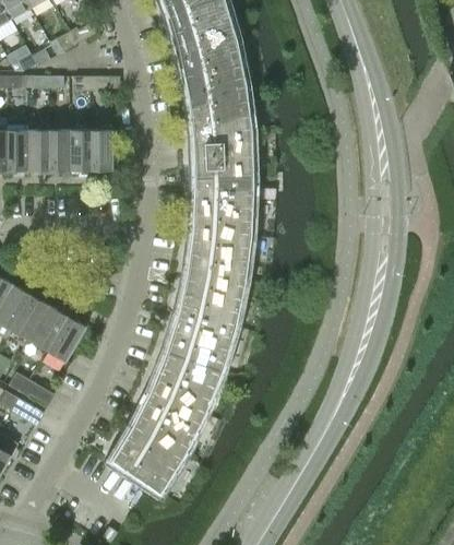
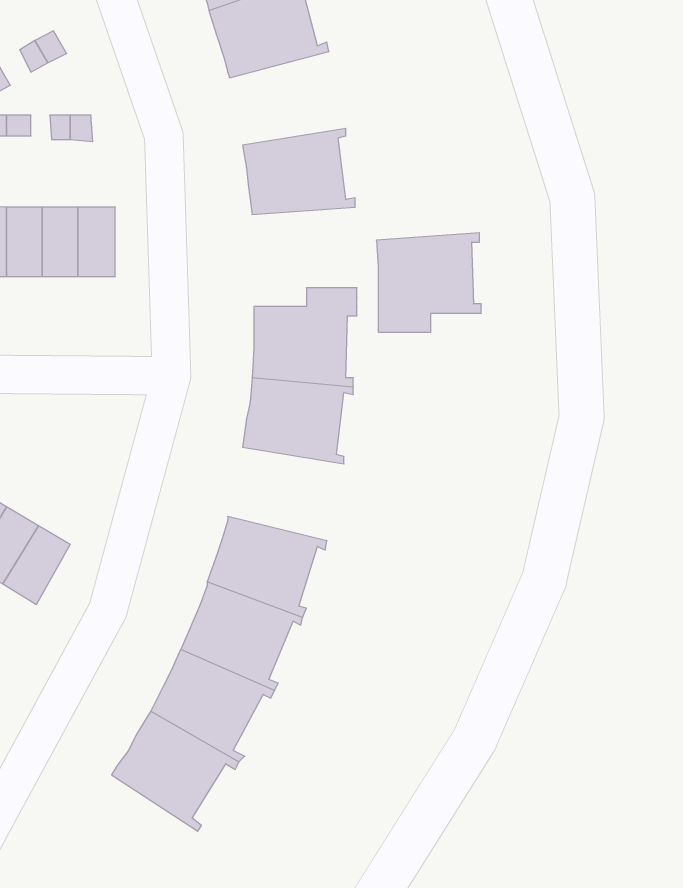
building: [179,40,247,95] -> none
building: [192,131,253,189] -> [376,233,481,332]
building: [178,271,246,325] -> none

